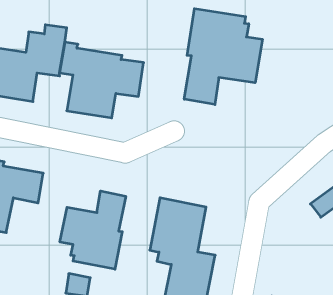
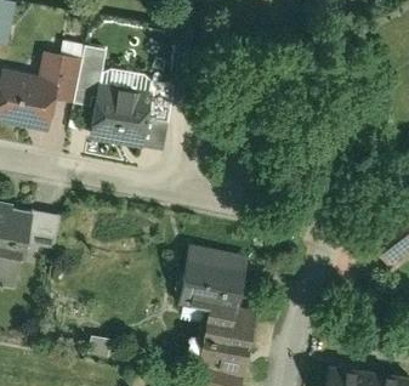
building: [184,9,262,105] -> none
building: [60,191,126,269] -> none

